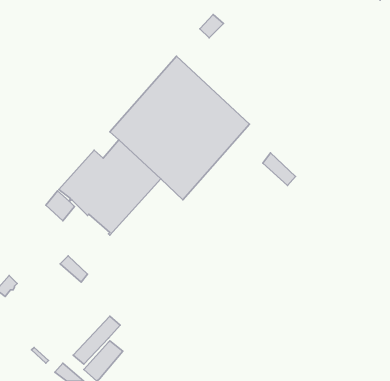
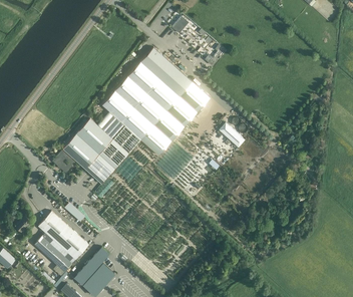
building: none -> [34,210,88,270]

